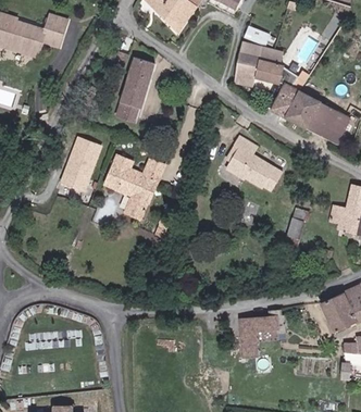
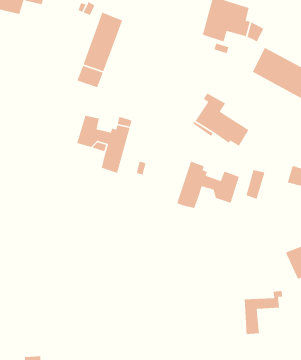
building: [271,83,298,116] -> none
building: [55,134,97,187] -> none
building: none -> [176,161,240,209]
building: [236,316,276,362] -> [244,290,283,335]

